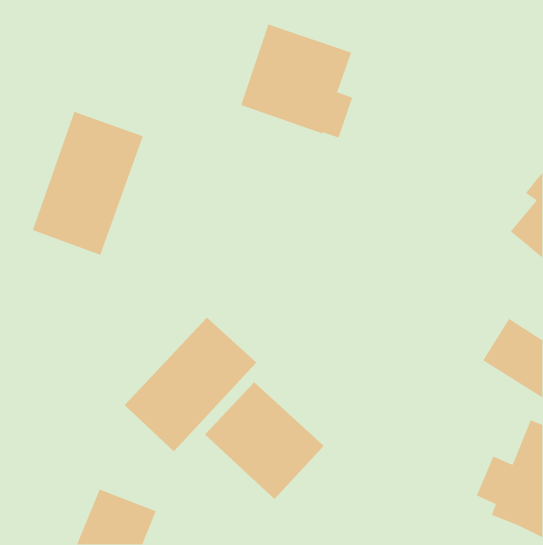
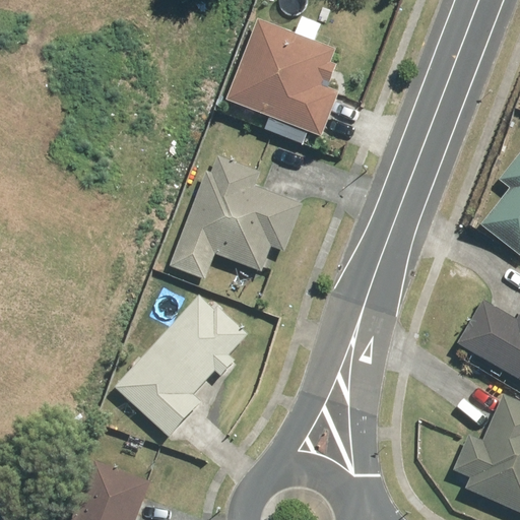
building: [32,111,144,256] -> none
building: none -> [172,151,302,274]
building: [204,381,324,500] -> none

